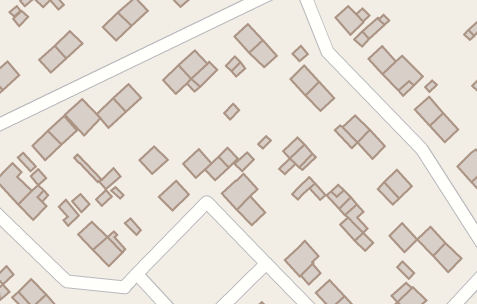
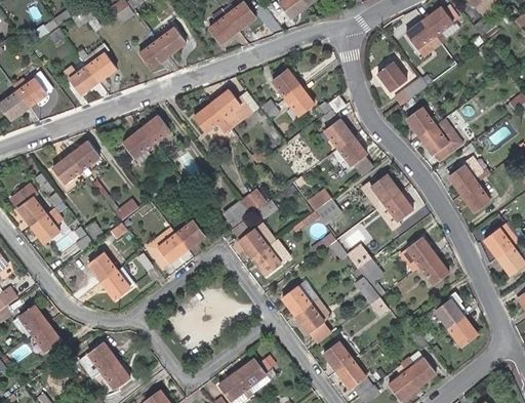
building: [65,99,100,135] -> none
building: [140,146,168,174] -> [159,235,188,263]
building: [183,149,211,178] -> none
building: [390,223,417,252] -> [420,254,448,284]
building: none -> [283,285,312,315]

